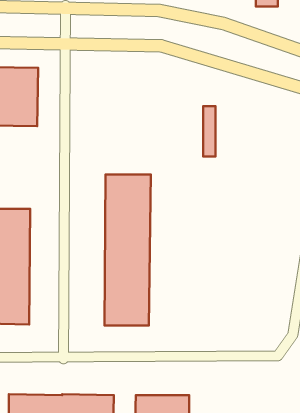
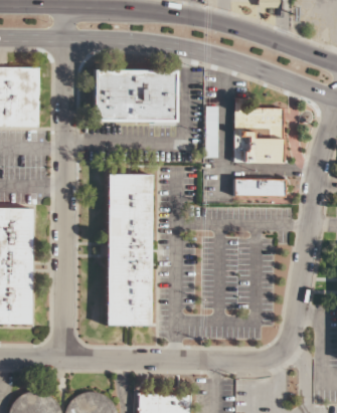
building: none -> [97,71,178,121]
building: none -> [234,99,285,164]
building: none -> [234,178,287,198]

